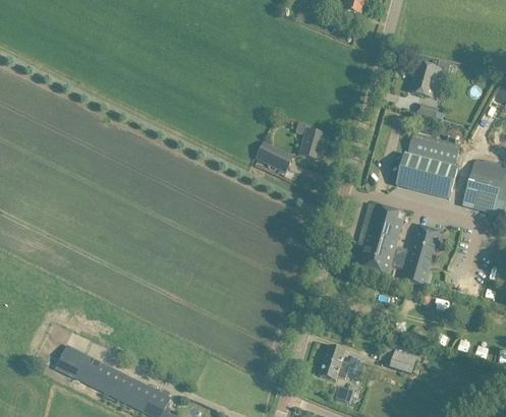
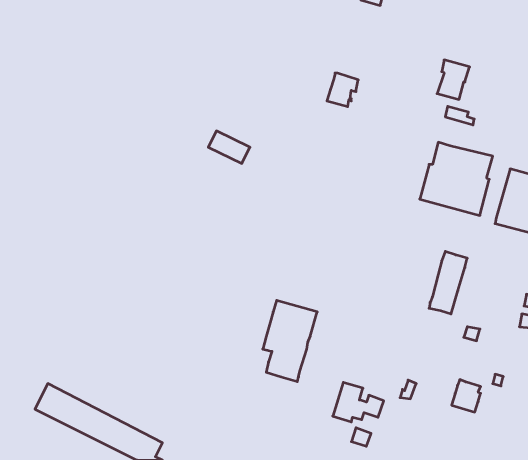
building: [300,129,328,159] -> [327,73,358,107]
building: [257,142,293,171] -> [208,131,250,163]
building: [357,202,405,274] -> [263,300,317,382]
building: [391,344,416,372] -> [452,380,481,412]

